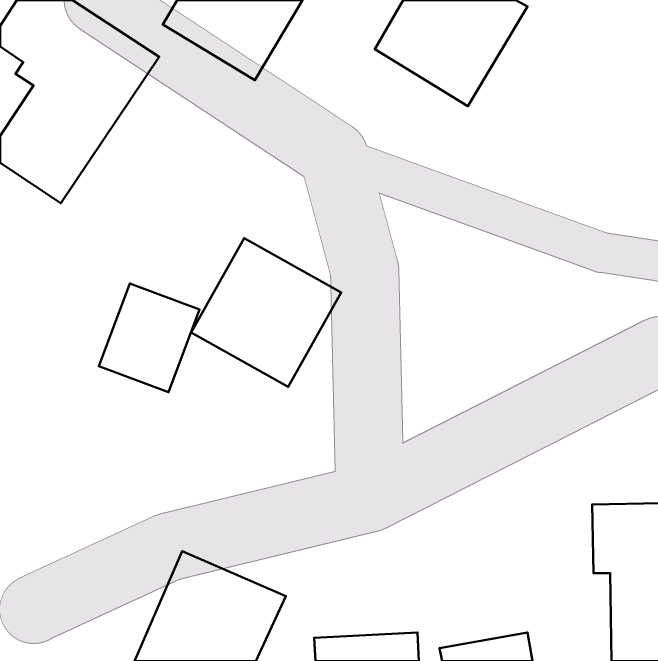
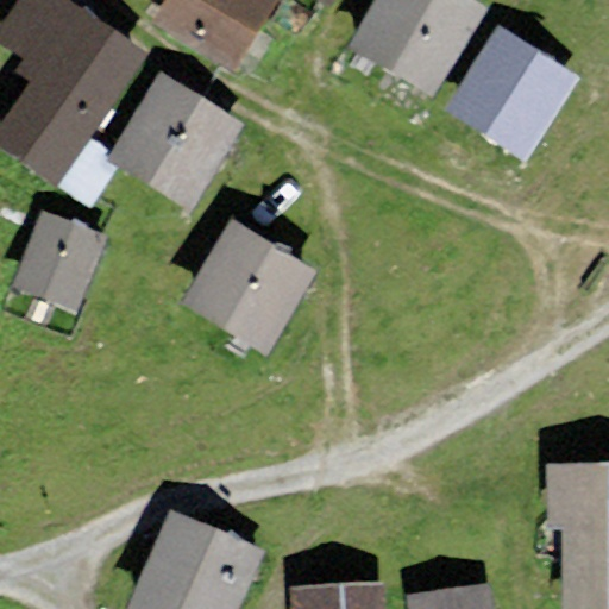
building: none -> [446,26,578,159]
building: none -> [107,71,244,211]
building: [99,283,200,392] -> [13,211,106,310]

